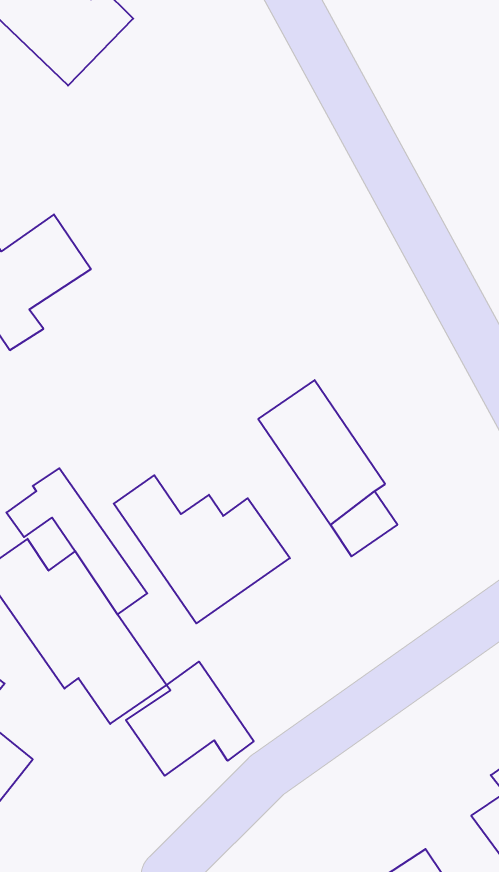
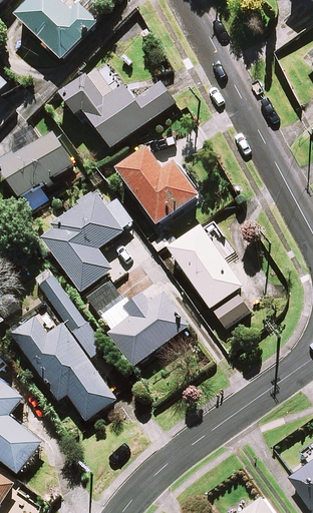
building: none -> [60,75,173,147]
building: none -> [117,148,199,224]
building: none -> [41,190,132,290]
building: [126,662,254,776] -> none

